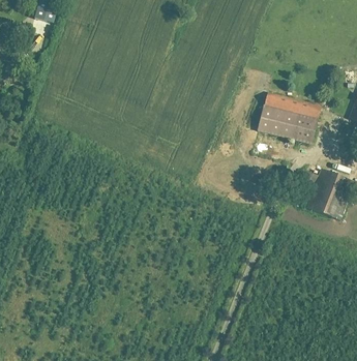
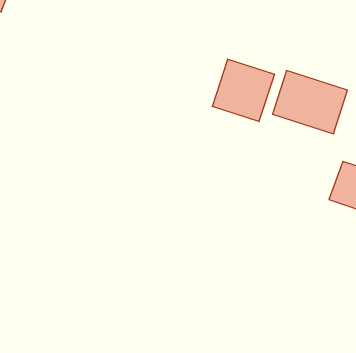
building: none -> [212,59,274,122]

